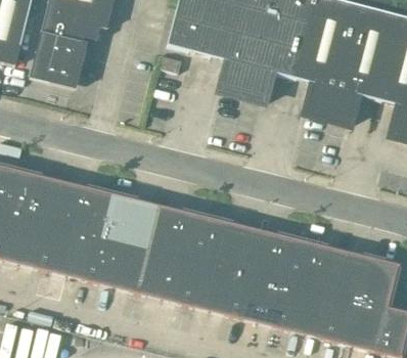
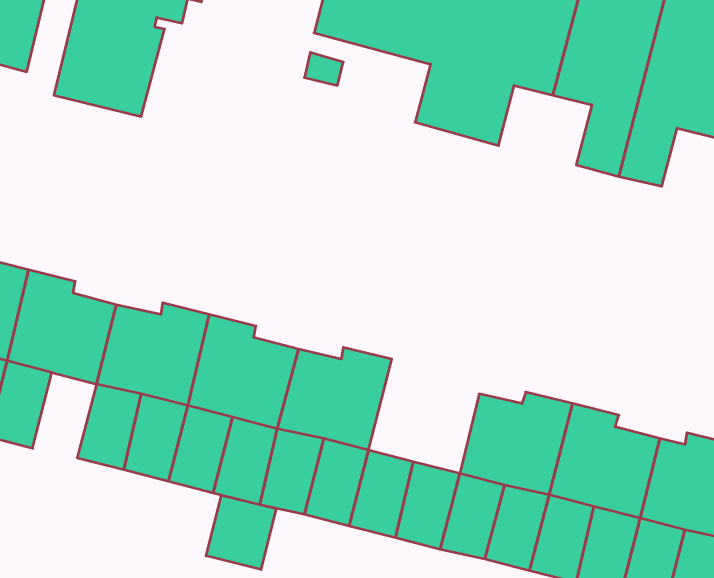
building: [195,215,254,275] -> none
building: [18,222,52,267] -> none
building: none -> [206,495,276,570]

